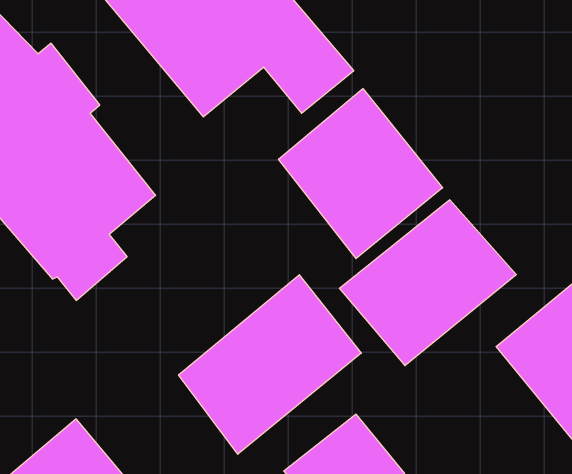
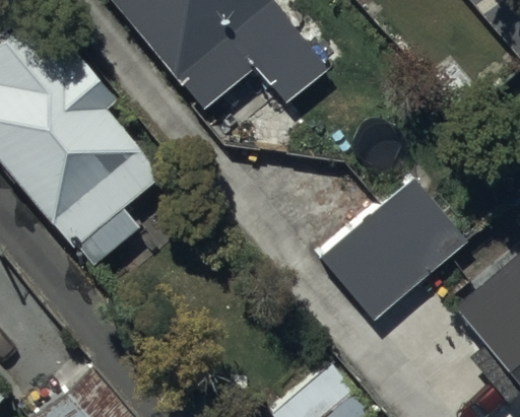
building: [279,89,443,259] -> none
building: [179,275,361,454] -> none

